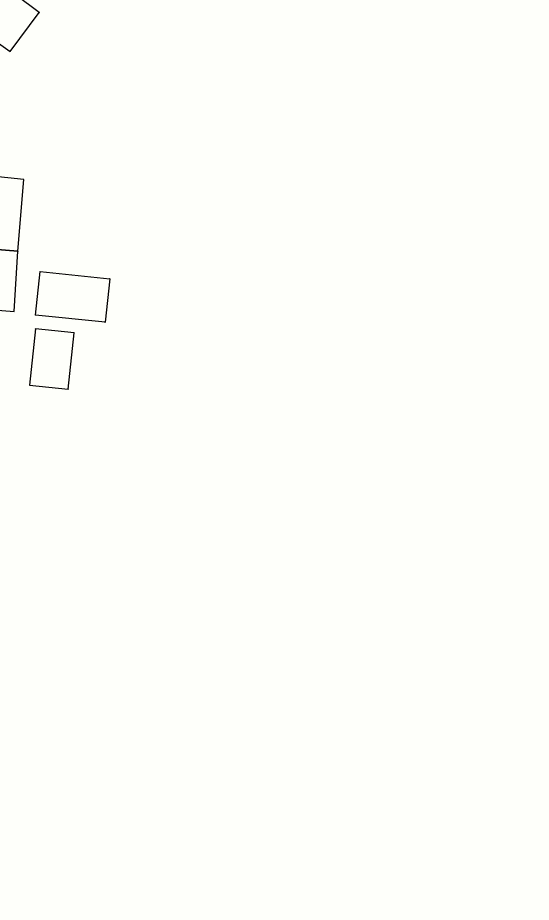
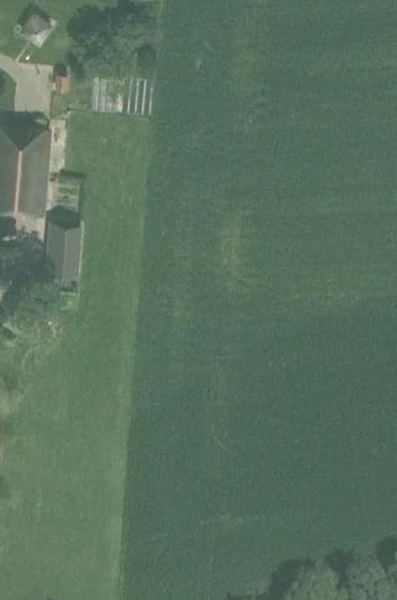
building: [35,272,110,322] -> none

